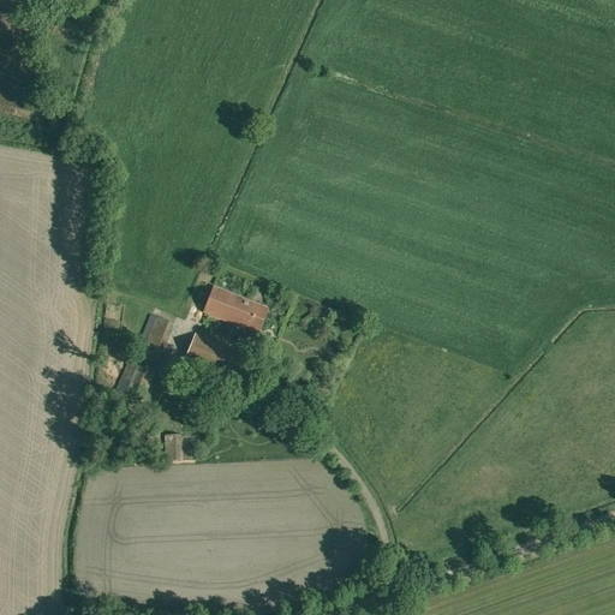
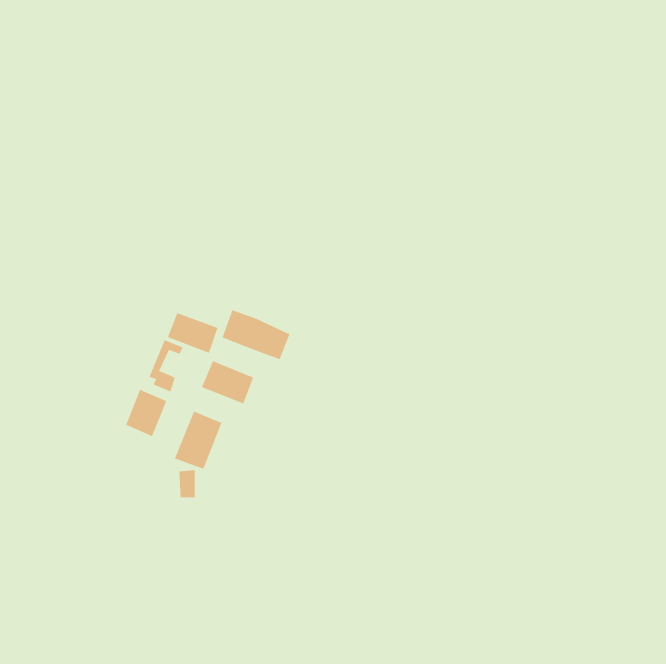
building: none -> [167,312,219,354]
building: none -> [174,410,222,470]

